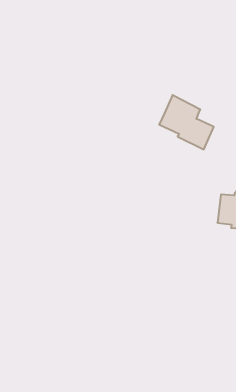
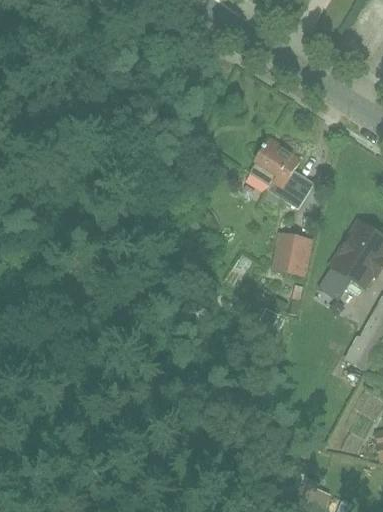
building: none -> [271,231,313,275]

